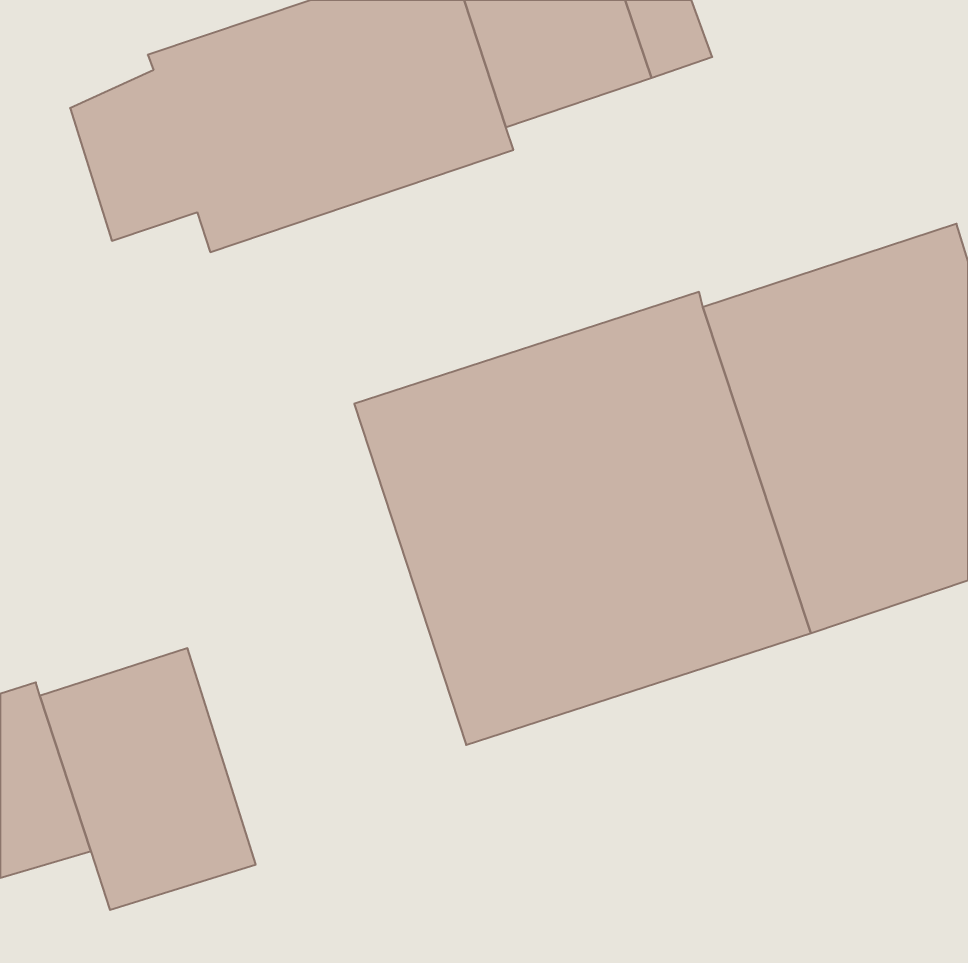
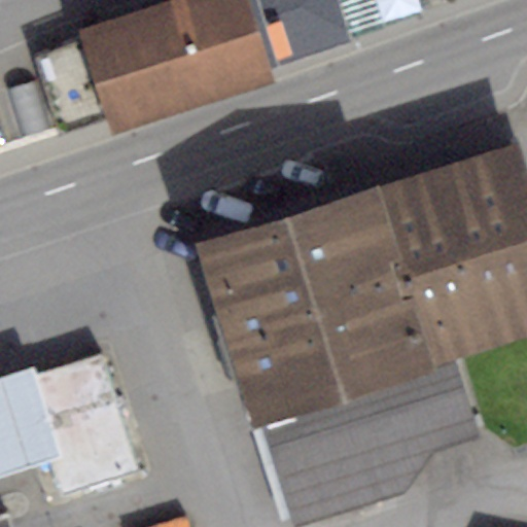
building: none -> [253,347,465,518]

